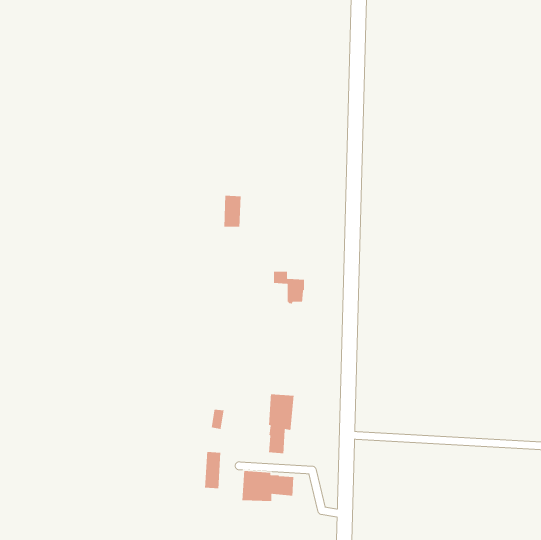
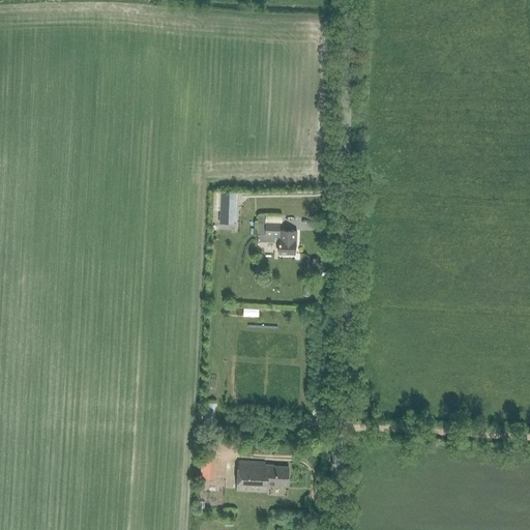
building: [273,271,305,305] -> [265,222,296,255]
building: [268,394,295,454] -> none

